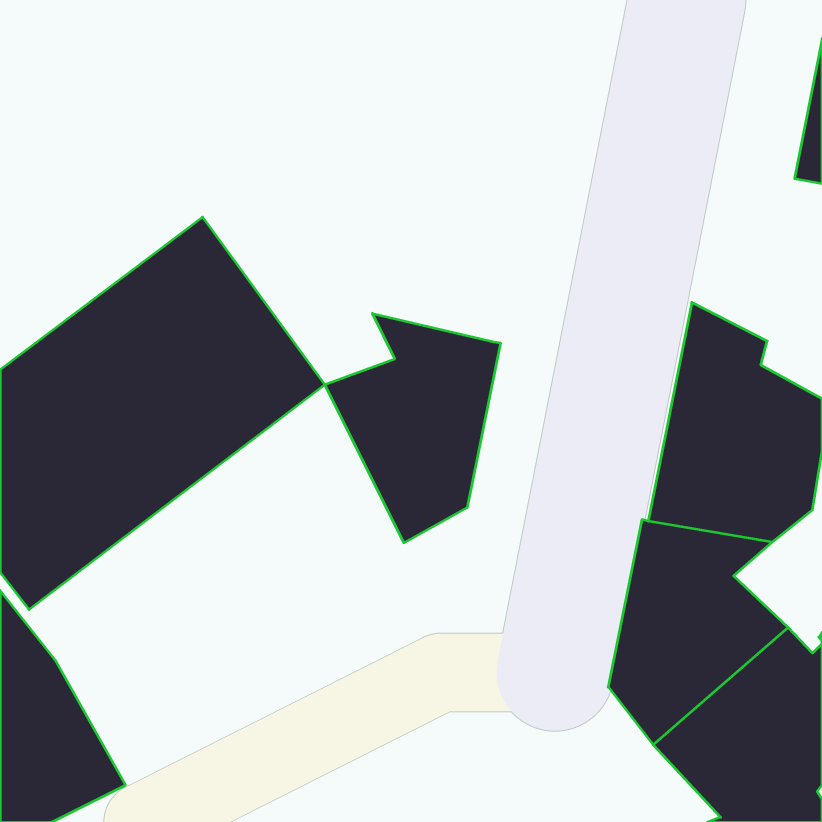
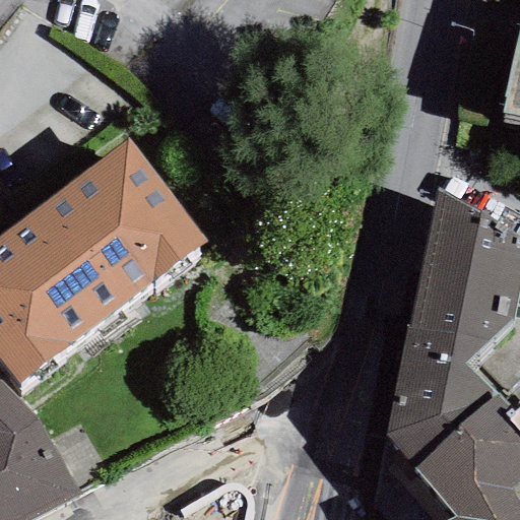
building: [325,313,500,543] -> none

